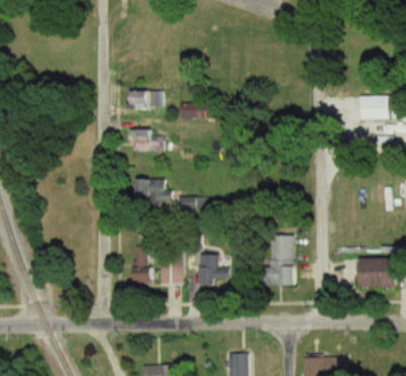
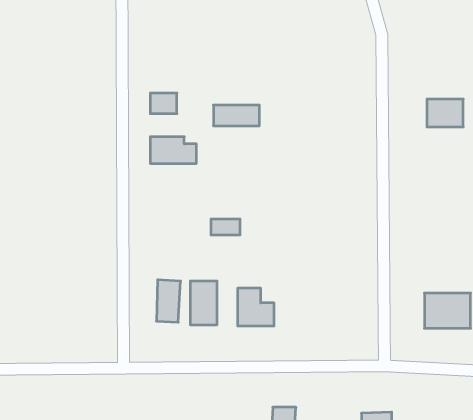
building: [132,179,170,200] -> none
building: [262,236,296,286] -> none

